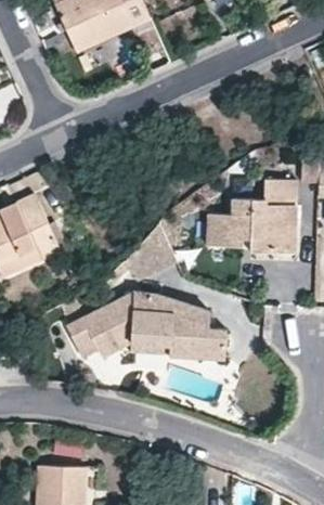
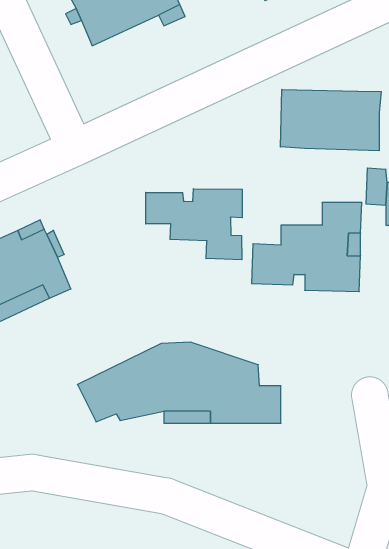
building: none -> [280,89,381,151]
building: none -> [146,189,242,260]

